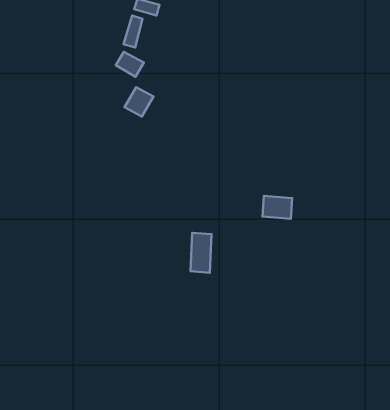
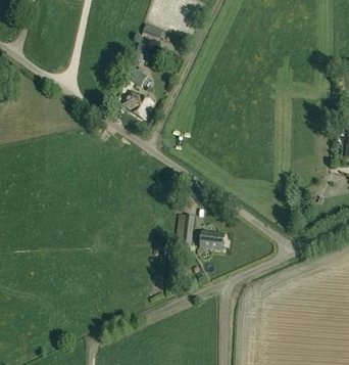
building: [262,196,292,219] -> [199,230,223,249]

